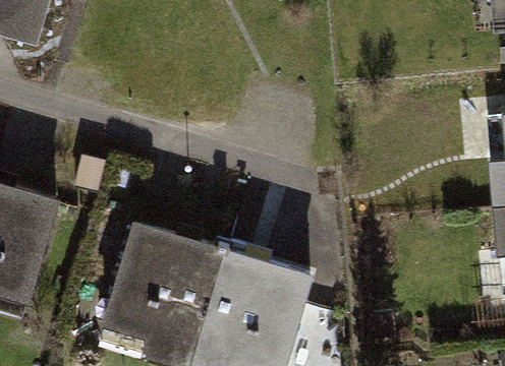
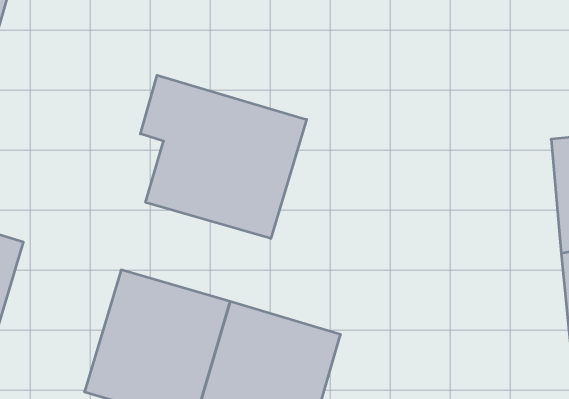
building: none -> [140,75,307,239]

